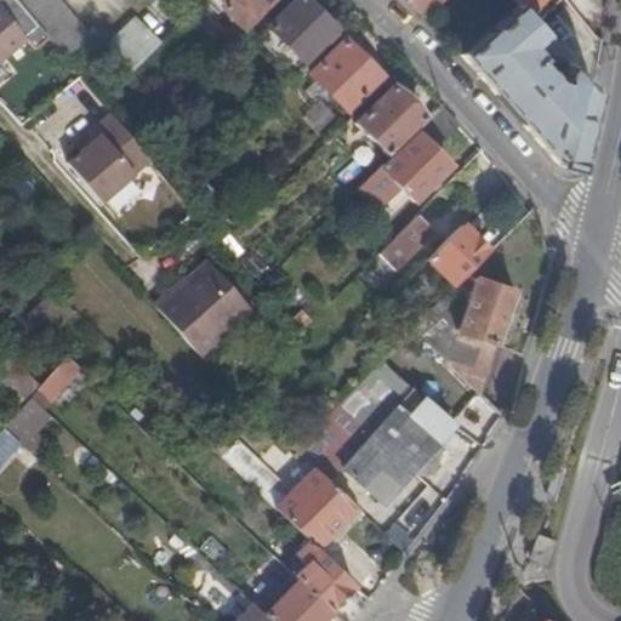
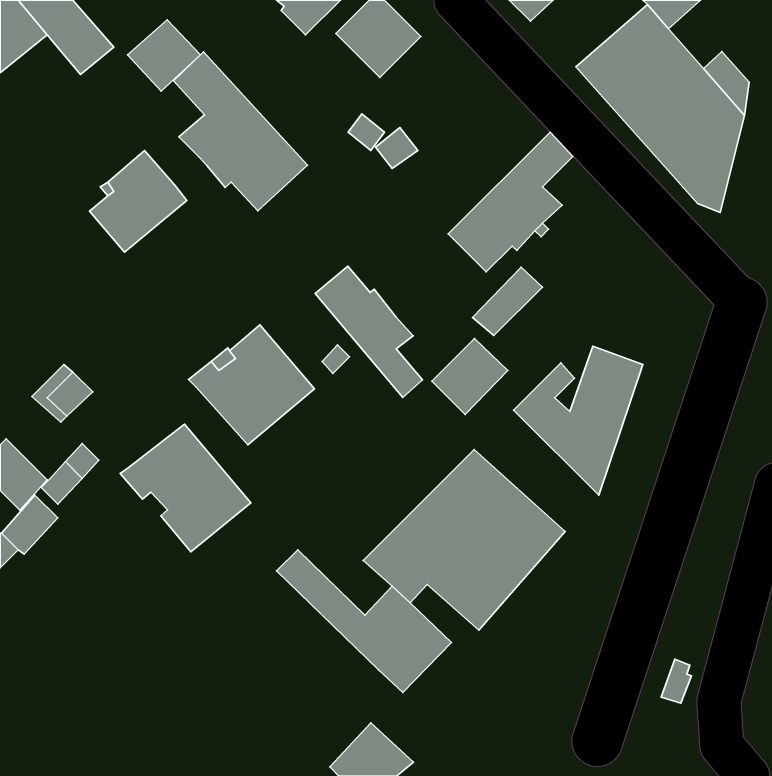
building: [313,40,384,110] -> none
building: none -> [173,52,308,211]
building: [357,85,426,154] -> none
building: none -> [315,266,422,398]
building: [429,224,490,285] -> [432,339,508,414]
building: none -> [120,424,251,552]
building: [296,535,357,609] -> none

